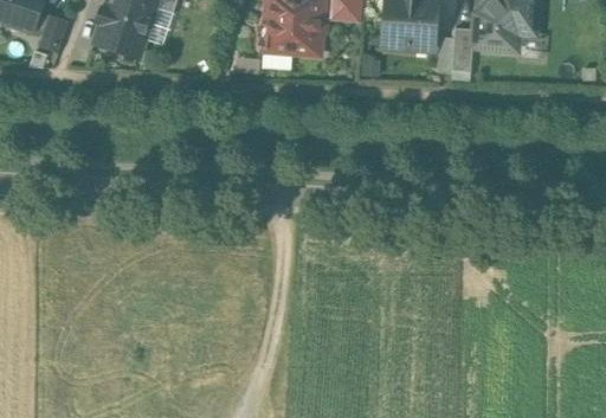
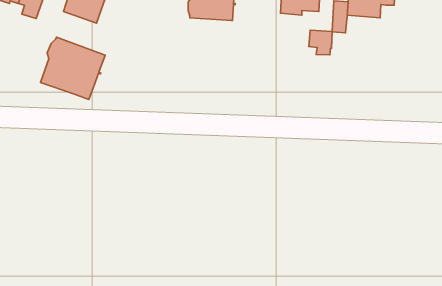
building: none -> [309,30,332,55]
building: none -> [41,37,105,99]

